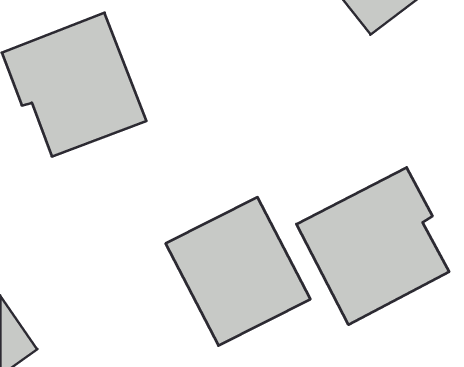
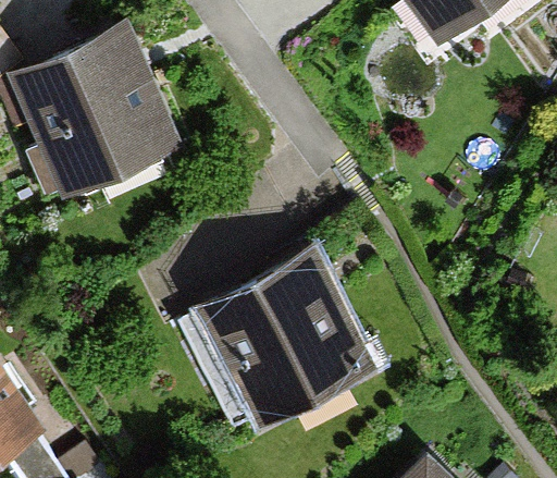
building: [296,167,449,325] -> none

